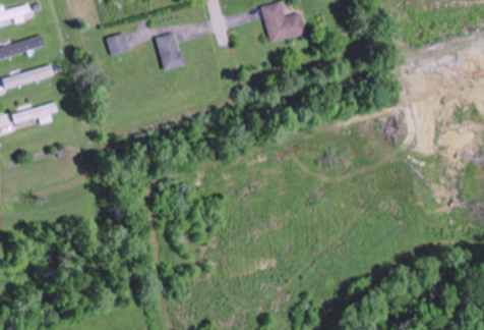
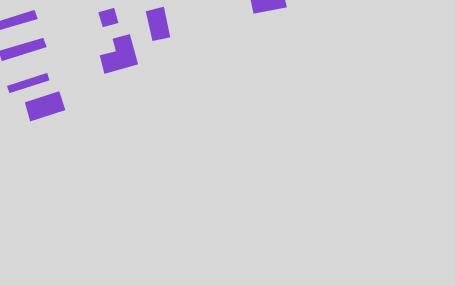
building: none -> [99,33,139,75]
building: none -> [24,90,67,122]

